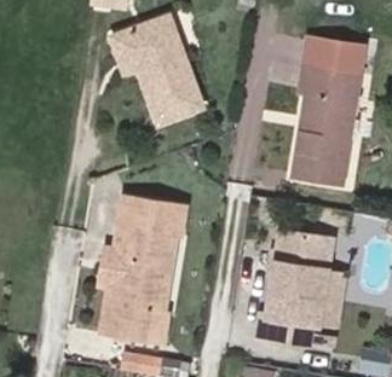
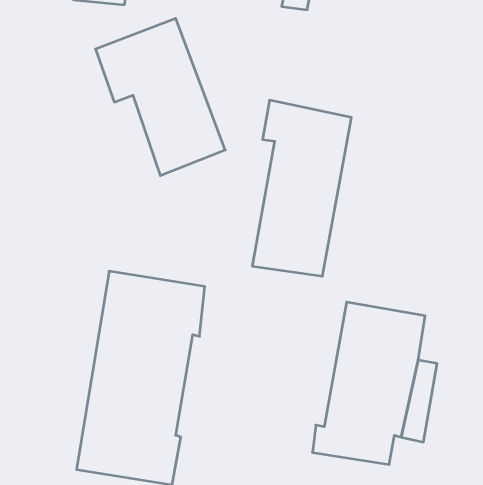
building: [296,48,367,173] -> [252,100,351,276]

